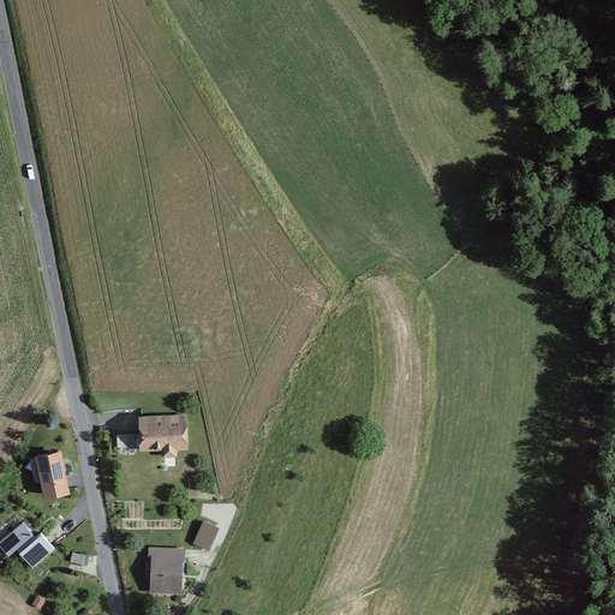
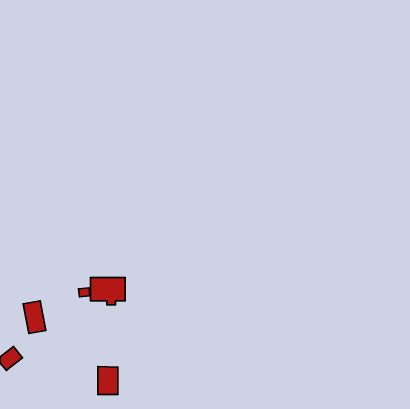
building: [190,519,219,551] -> none
building: [17,529,55,566] -> none

